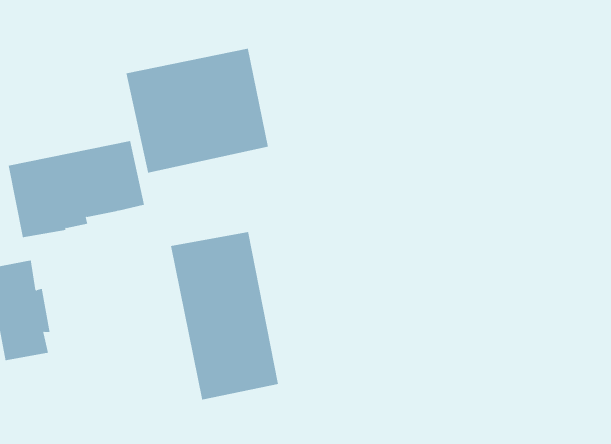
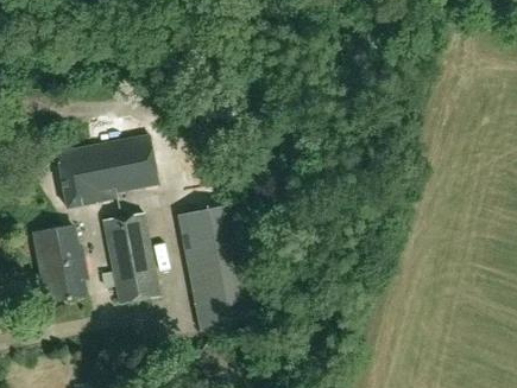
building: [126,48,269,173] -> none
building: none -> [102,210,160,304]

